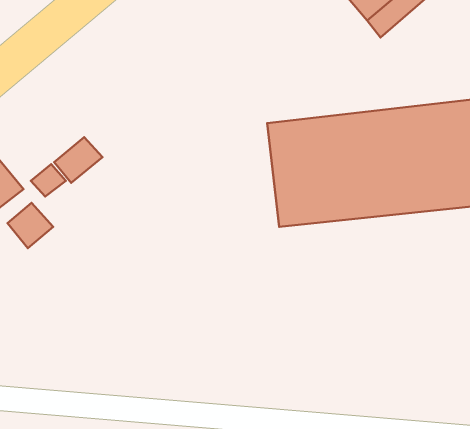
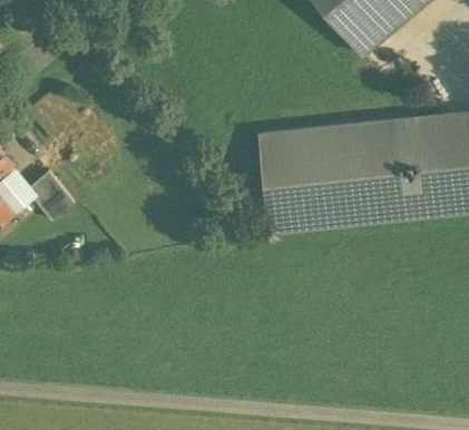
building: [54,137,103,183] -> none
building: [7,203,53,248] -> none

